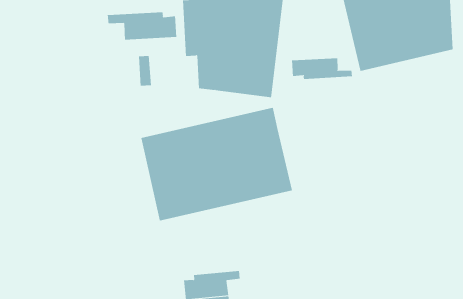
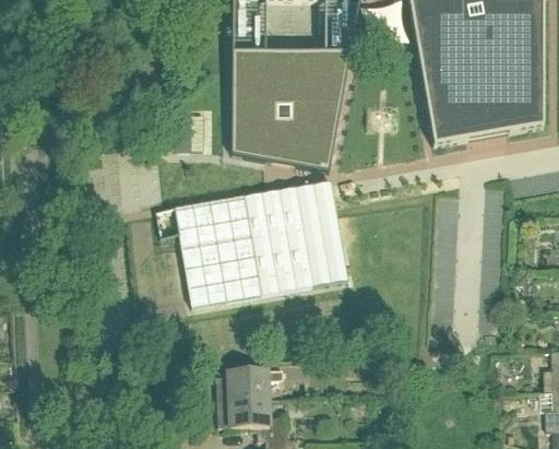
building: [107,11,177,40] -> none
building: [292,57,353,80] -> none

